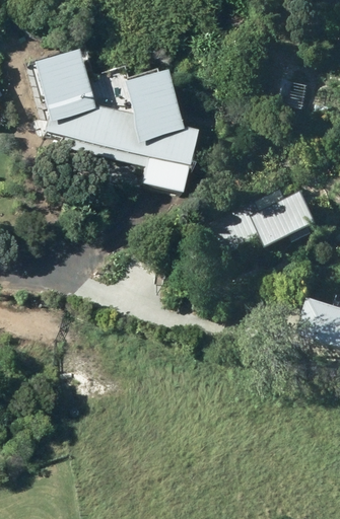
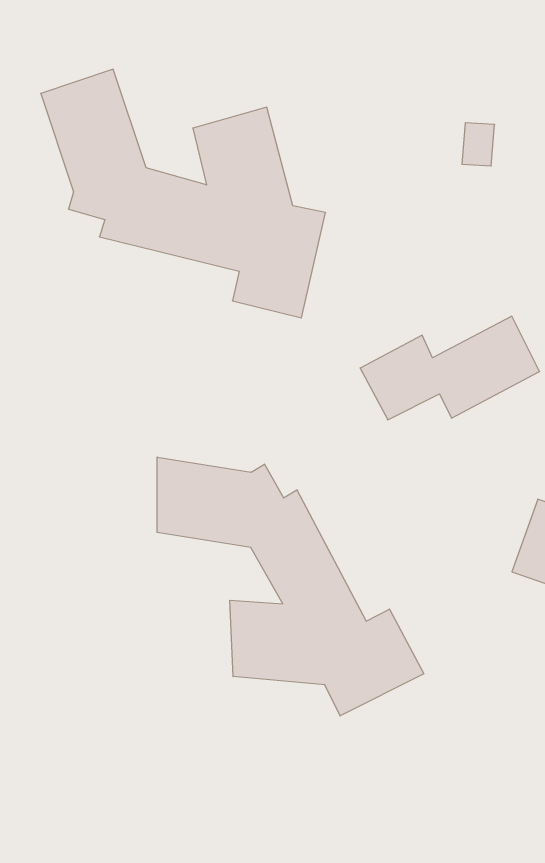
building: none -> [157,457,424,716]

